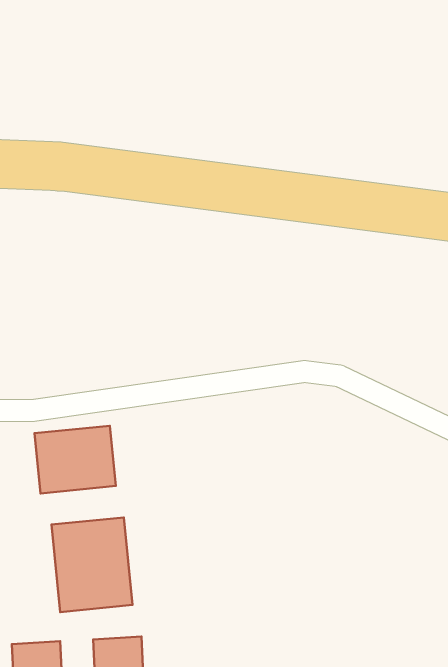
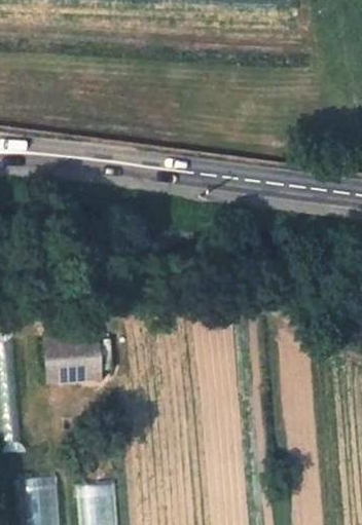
building: [52,517,133,612] -> none

